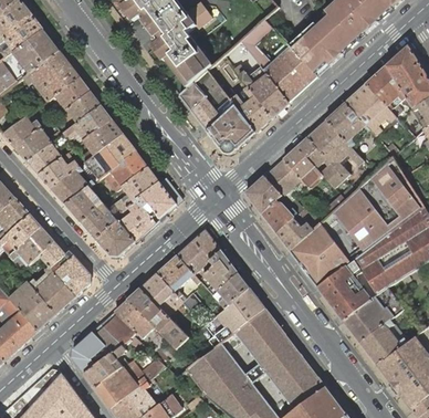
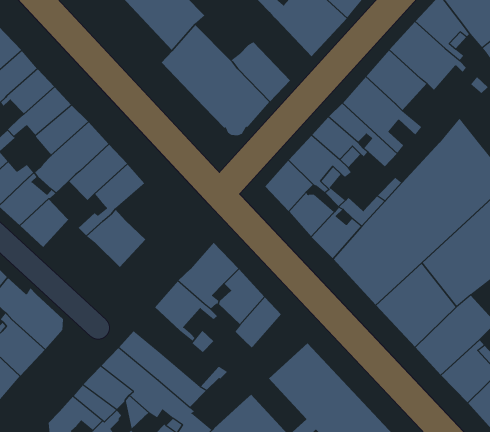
building: [233,65,289,118] -> none
building: [136,182,176,223] -> none
building: [81,203,135,257] -> none
building: [140,273,178,306] -> none
building: [208,288,265,348] -> none

